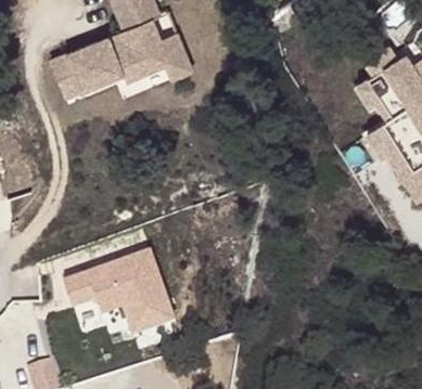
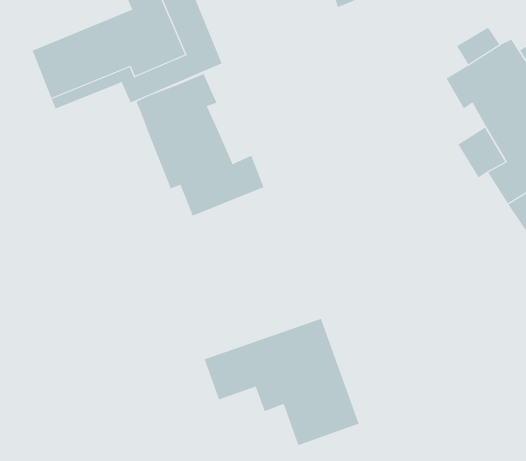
building: none -> [136,73,264,216]
building: [61,249,176,343] -> [204,318,360,446]

